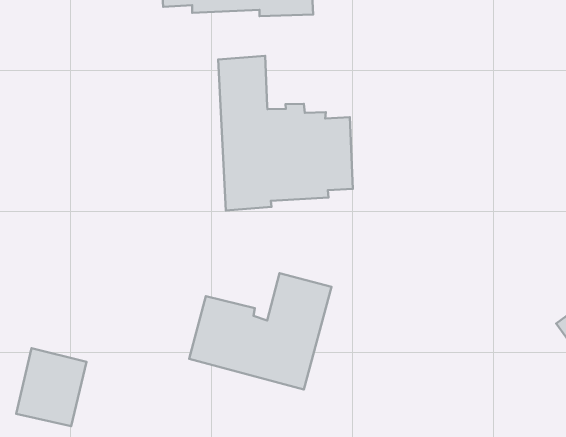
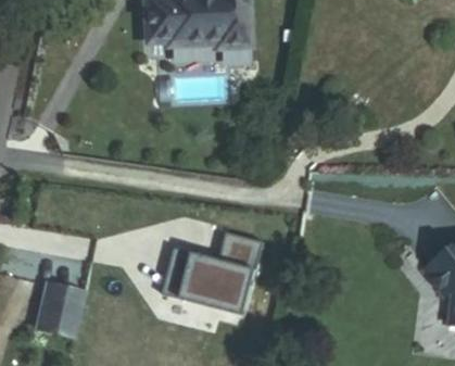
building: [218,56,353,210] -> none

